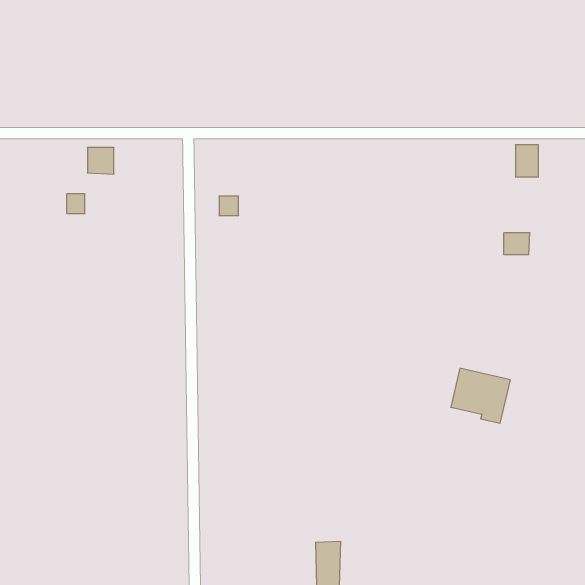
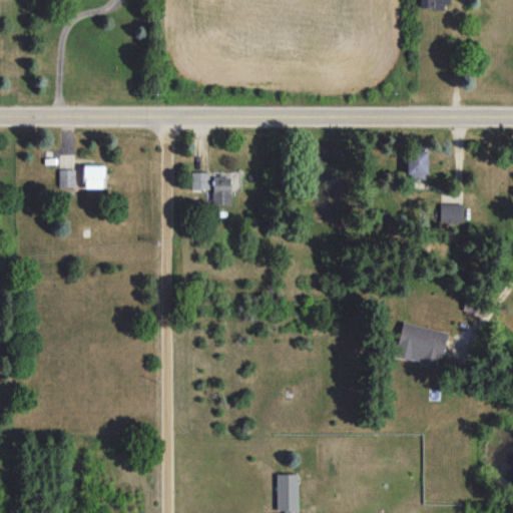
building: [515,145,538,177] -> [408,151,428,179]
building: [87,148,114,174] -> [83,166,106,189]
building: none -> [212,176,231,205]

